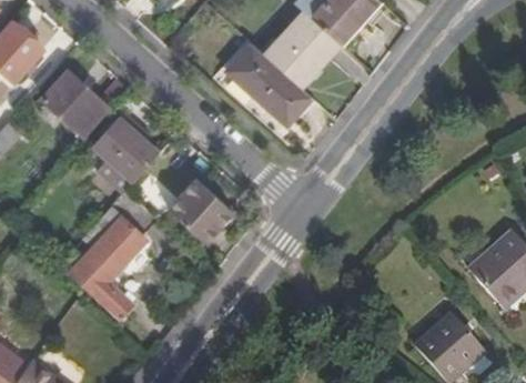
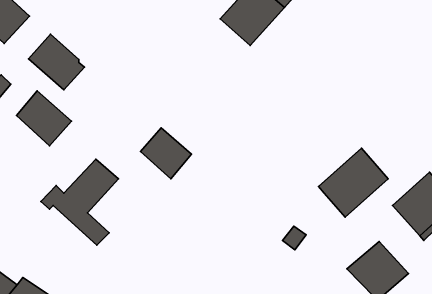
building: [225,40,312,122] -> none
building: [93,118,158,182] -> [16,91,71,146]
building: none -> [318,148,388,217]

